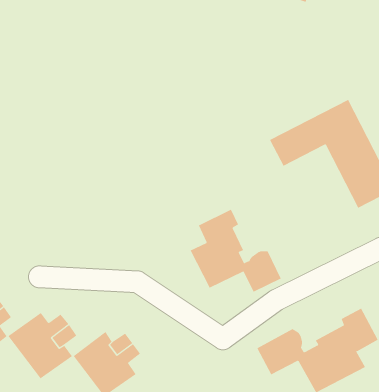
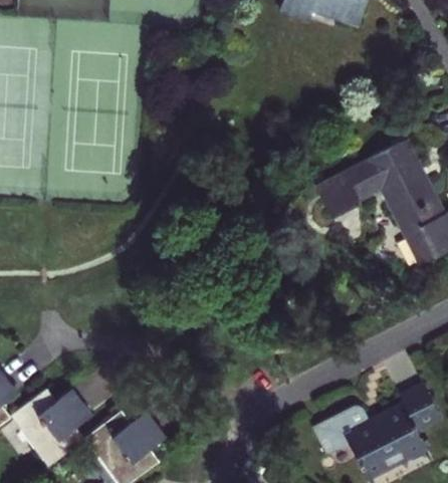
building: [190,209,281,292] -> none

